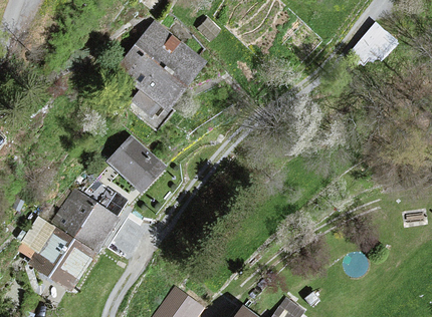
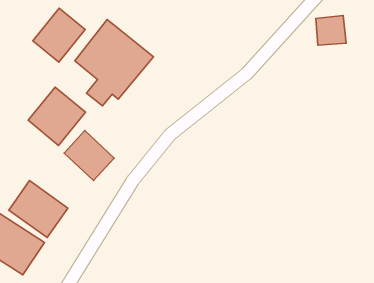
building: none -> [33,8,85,62]
building: none -> [28,87,86,145]

